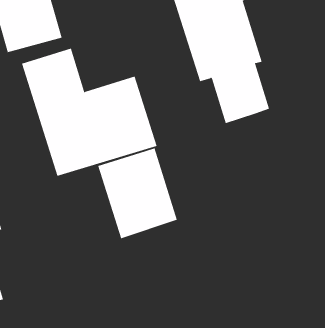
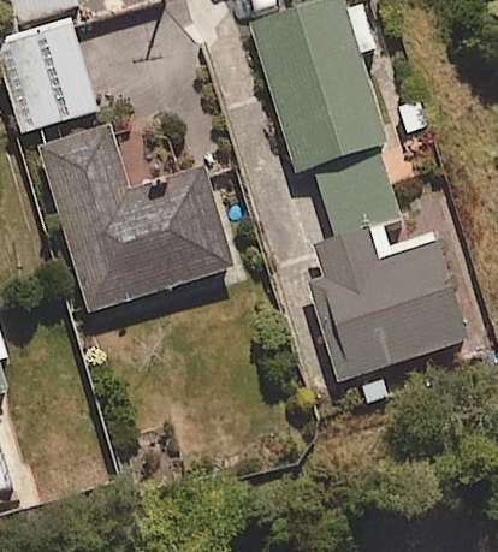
building: none -> [307,219,468,381]
building: [97,147,178,239] -> none

